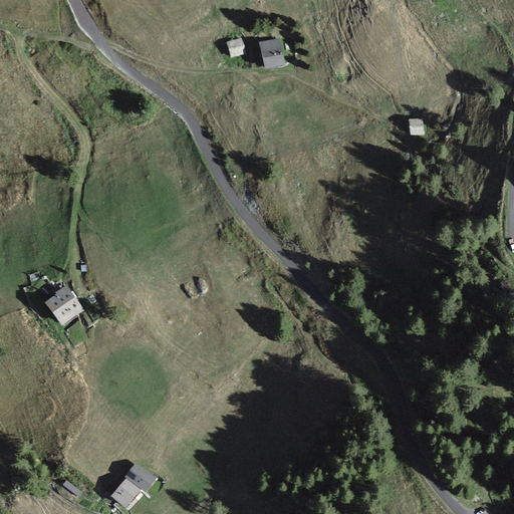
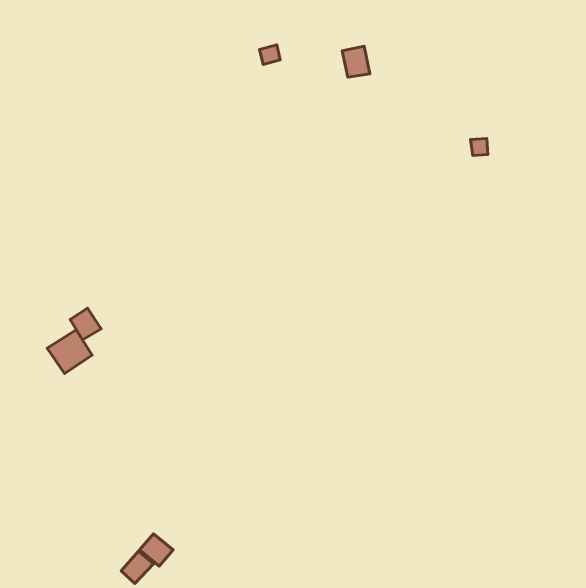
building: [260,39,284,66] -> [342,46,370,77]
building: none -> [70,308,101,340]

